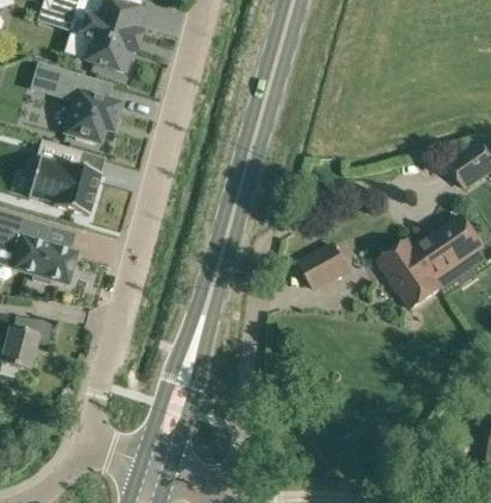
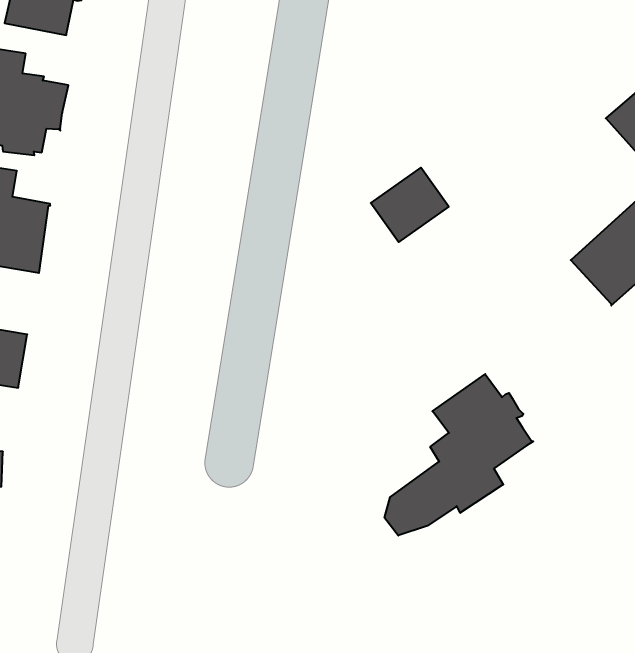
building: [378,239,441,308] -> none
building: [300,244,347,288] -> [371,168,449,242]
building: none -> [385,374,533,536]

